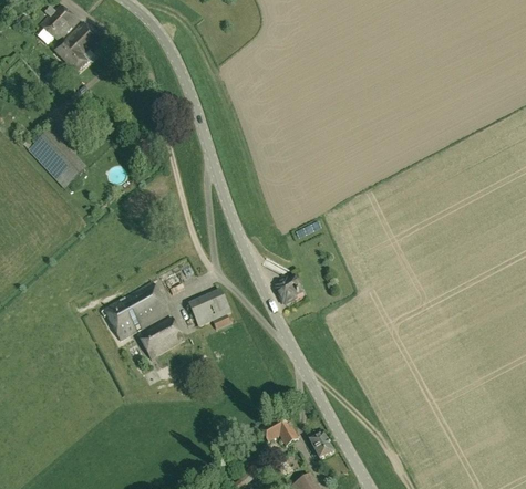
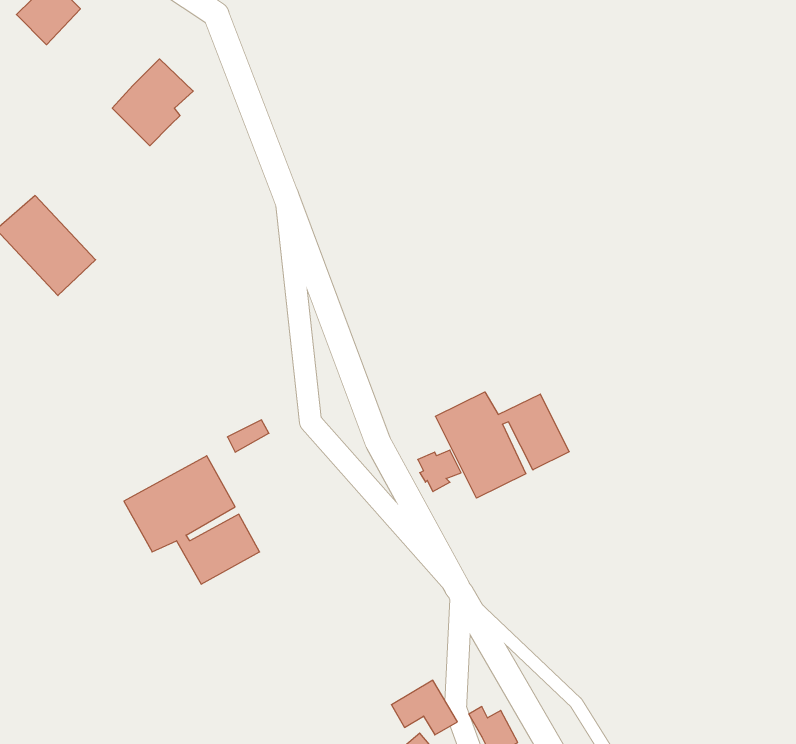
building: [54,22,102,73] -> [112,59,193,146]
building: none -> [435,392,569,498]
building: [189,290,230,330] -> none

